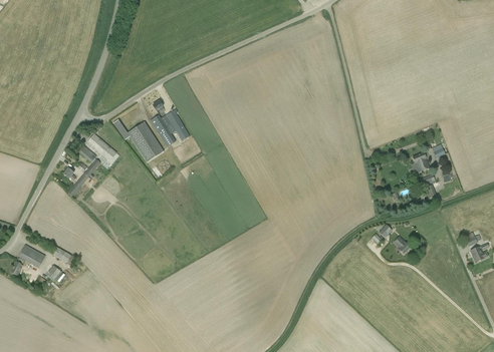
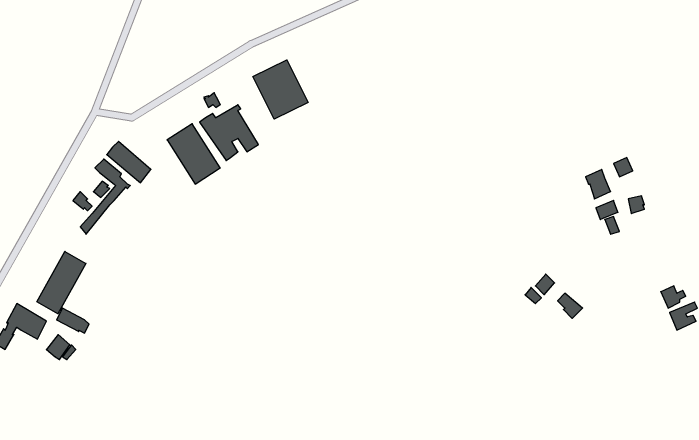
building: none -> [253,60,308,119]
building: none -> [37,251,86,314]

